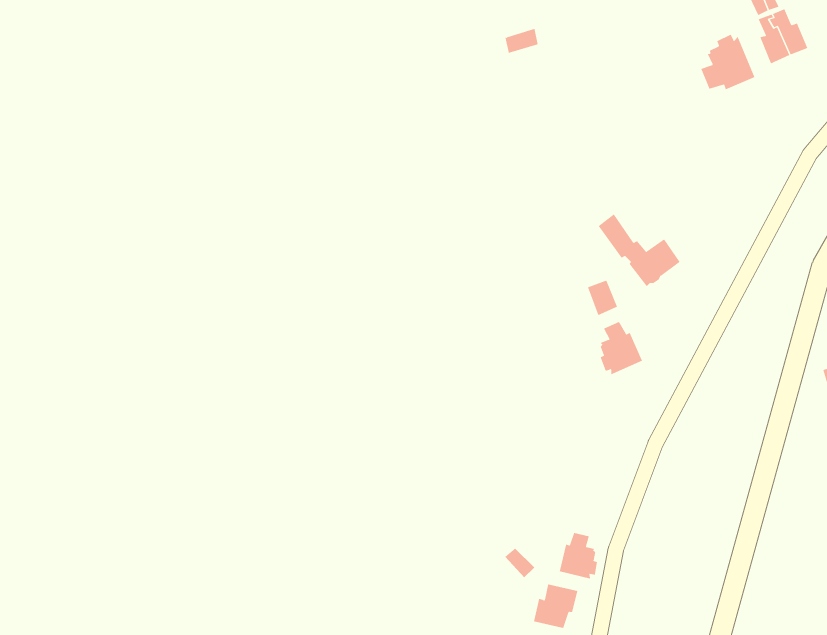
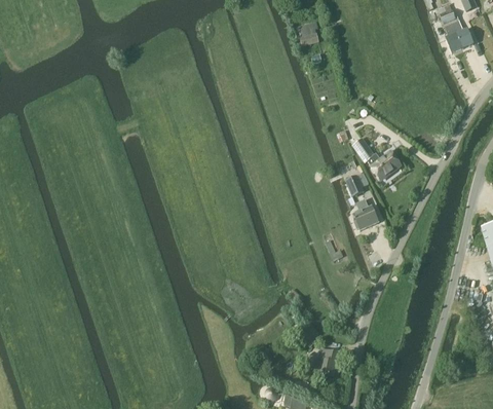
building: [700,34,755,90] -> none
building: [559,532,598,580] -> none

